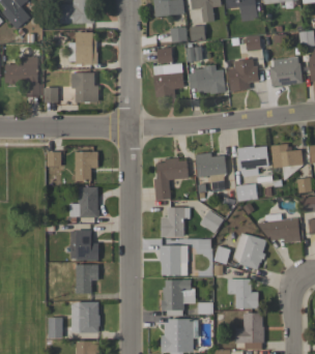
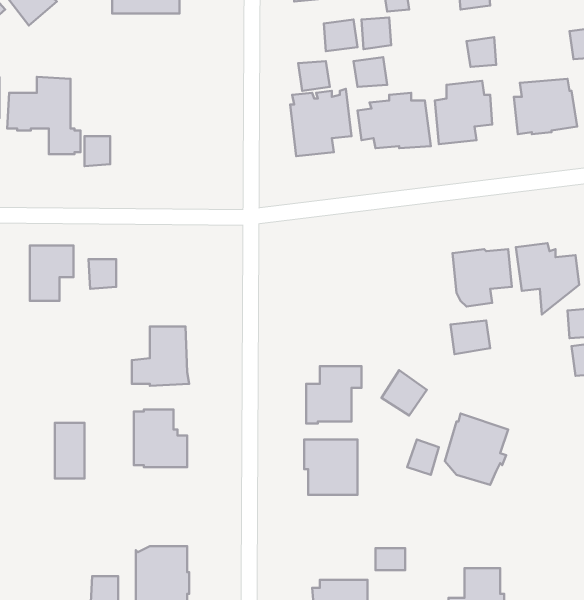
building: [68,32,97,64] -> none
building: [68,72,98,101] -> none
building: [76,151,98,180] -> [30,246,73,301]
building: [195,152,227,177] -> none
building: [154,157,189,200] -> none
building: [256,211,300,242] -> none
building: [76,264,91,293] -> [55,423,84,478]
building: [227,278,258,308] -> none
building: [162,279,195,315] -> none

